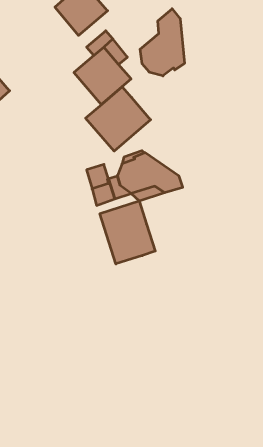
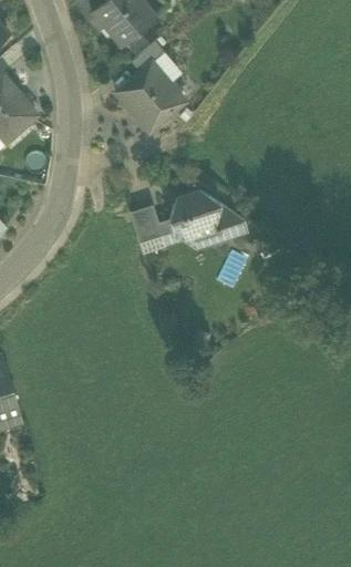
building: [140,9,184,76] -> none
building: [86,87,151,151] -> none
building: [100,201,155,264] -> none

